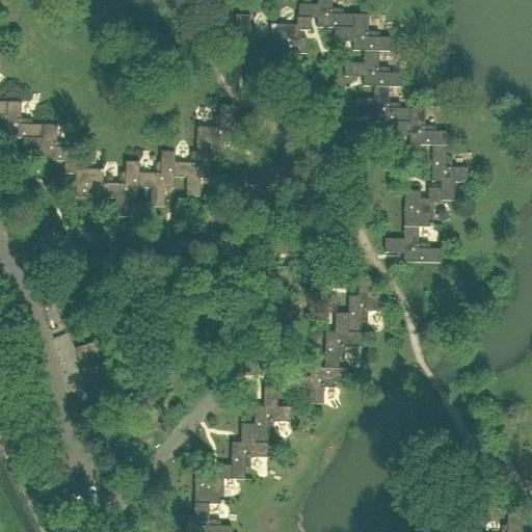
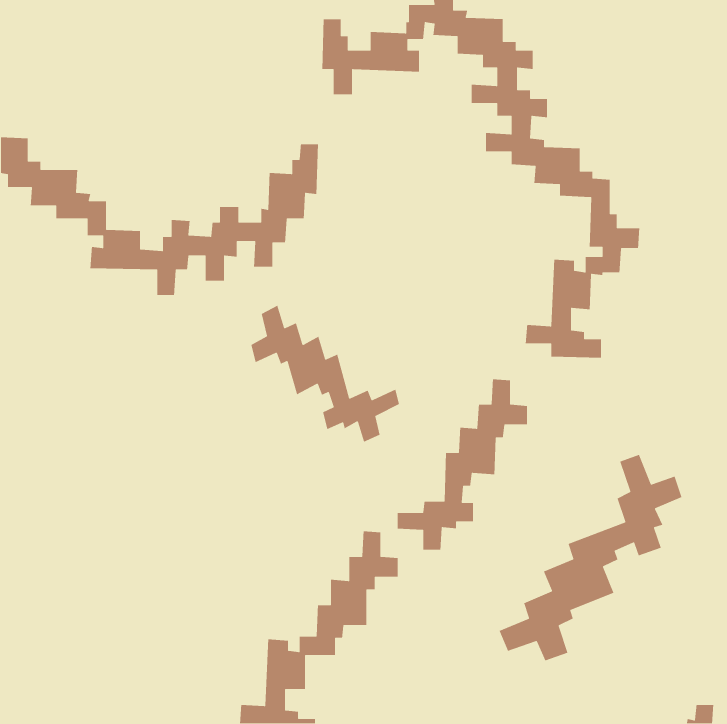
building: none -> [251,304,400,443]
building: none -> [498,454,682,661]

